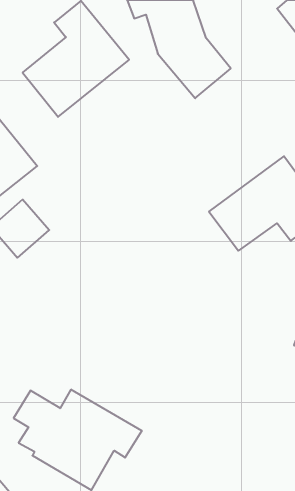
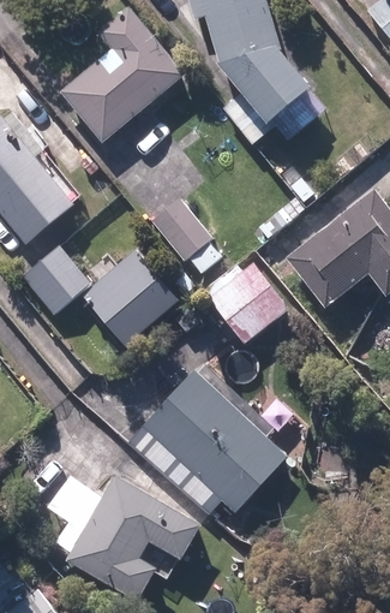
building: none -> [150,200,222,275]
building: none -> [83,251,179,346]
building: none -> [200,251,290,344]
building: none -> [126,369,281,518]

